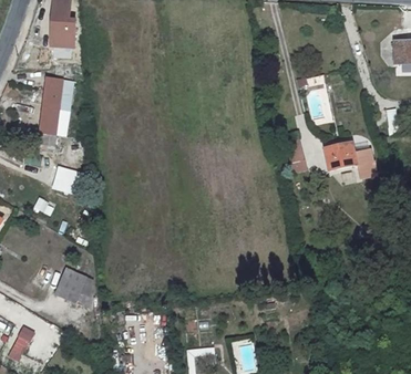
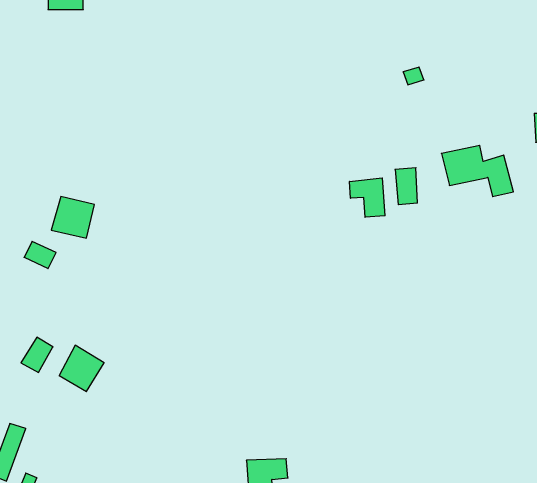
building: [31,76,63,145] -> none
building: none -> [350,178,385,217]

